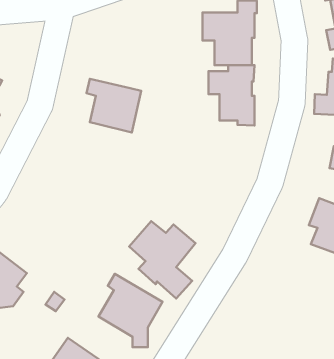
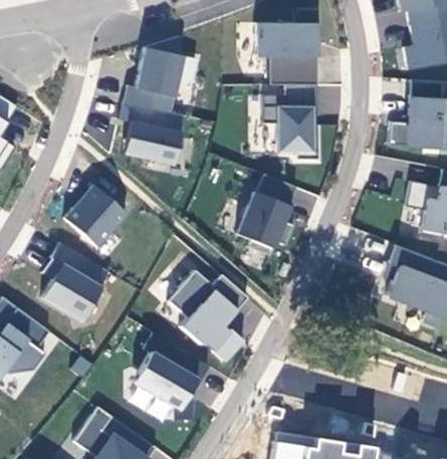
building: none -> [124,45,184,113]
building: none -> [237,175,296,257]
building: none -> [64,184,127,246]
building: none -> [42,243,108,315]

